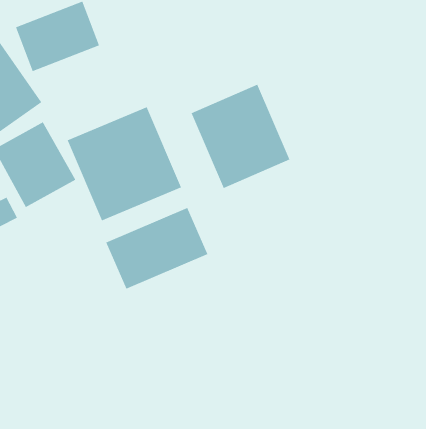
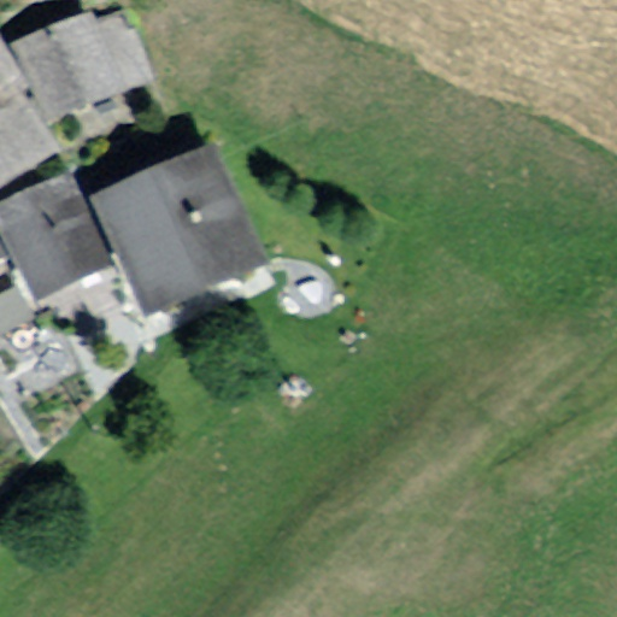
building: [191,84,290,189] -> none
building: [105,207,208,290] -> none

